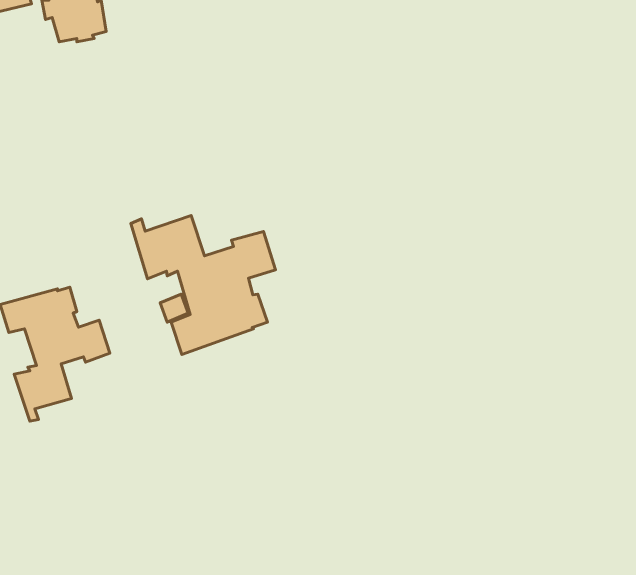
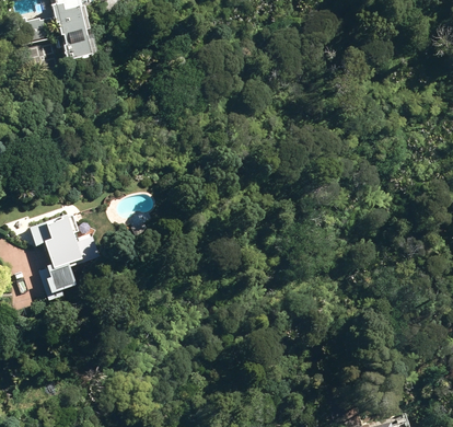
building: [131,215,276,355] -> none

